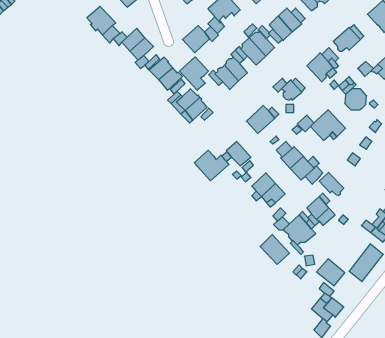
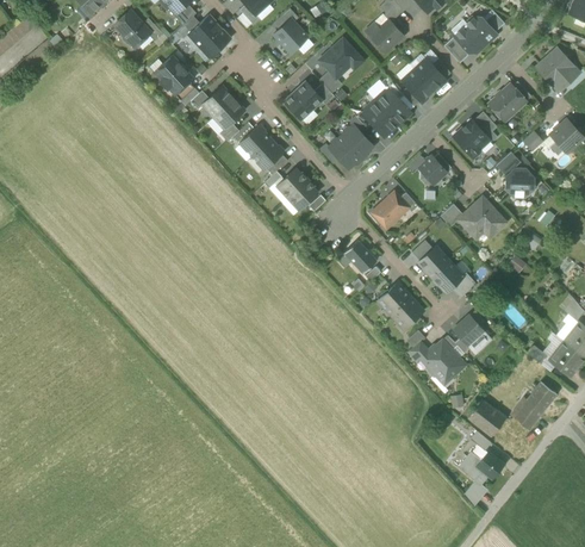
building: [180,57,208,90] -> none
building: [194,150,229,181] -> none
building: [319,172,344,196] -> none
building: [260,234,289,264] -> none

